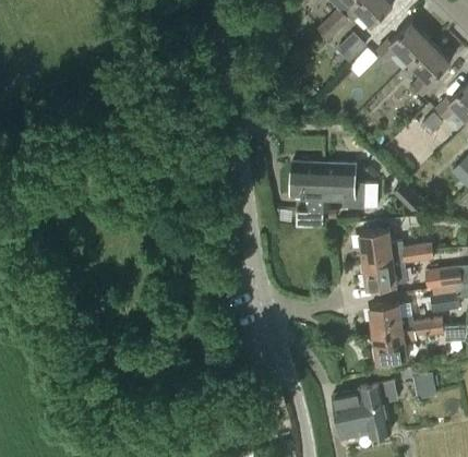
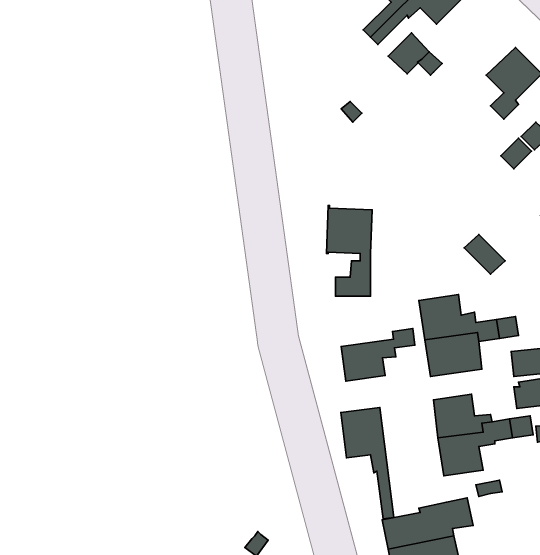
building: [376,23,431,64] -> none
building: [323,164,364,207] -> none
building: none -> [341,328,415,381]
building: none -> [341,407,394,519]

